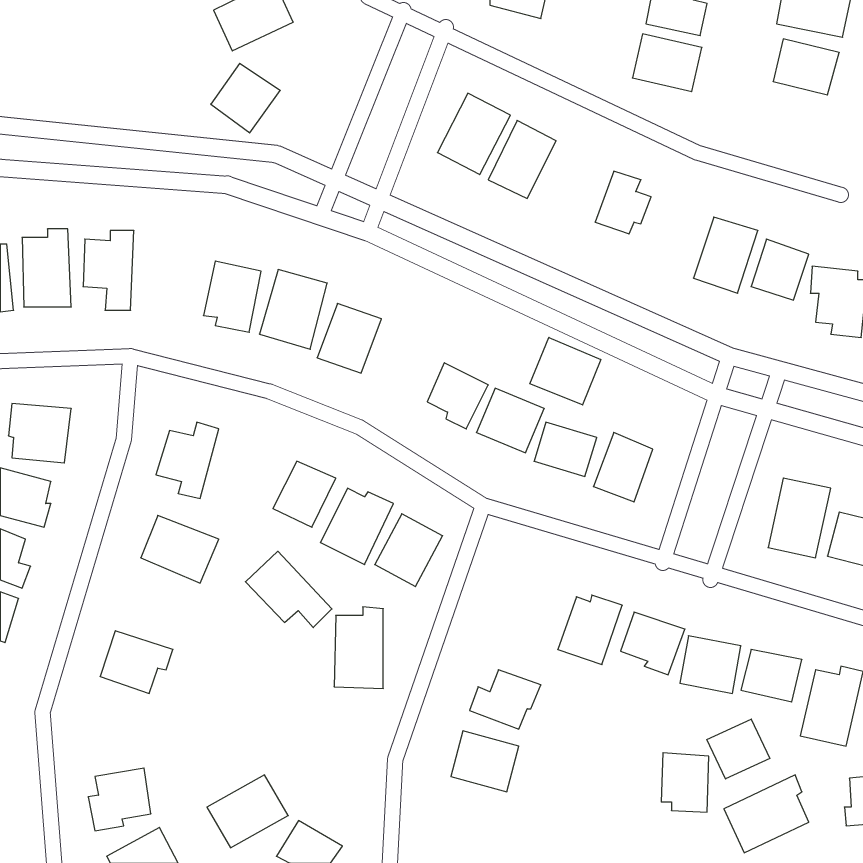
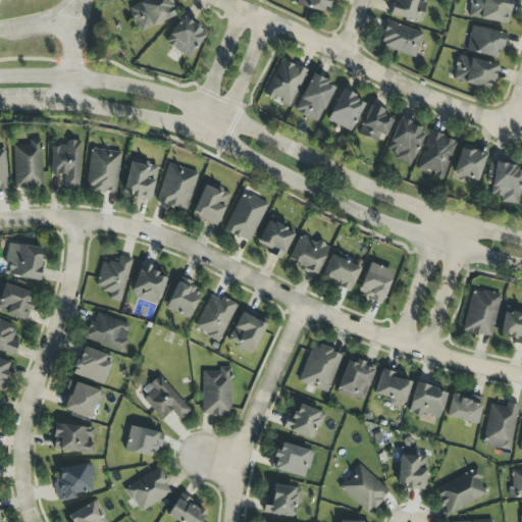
building: [211,63,280,133] -> [166,15,208,57]
building: none -> [454,53,499,88]
building: none -> [328,89,366,129]
building: none -> [387,117,427,164]
building: none -> [87,147,123,193]
building: none -> [225,191,269,242]
building: [530,337,601,405] -> none
building: none -> [133,264,169,303]
building: [245,551,332,628] -> [141,373,193,419]
building: none -> [301,343,343,393]
building: none -> [74,346,114,381]
building: none -> [54,421,96,453]
building: none -> [126,425,162,455]
building: [707,719,770,779] -> none
building: none -> [341,463,389,512]
building: none -> [267,483,301,515]

